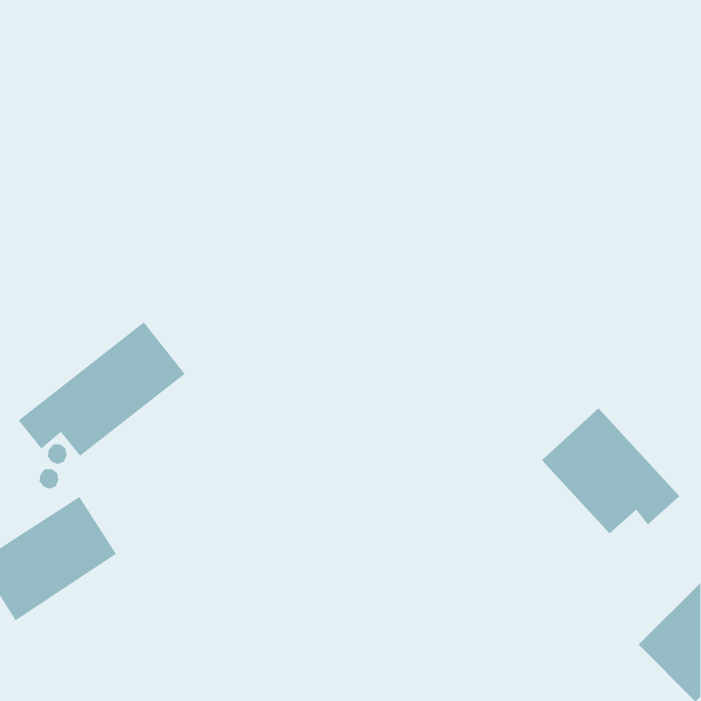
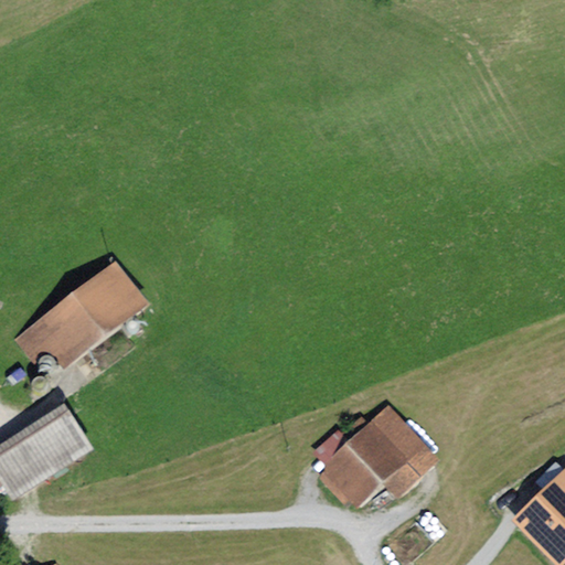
building: [541,408,680,534] -> none
building: none -> [318,404,439,507]

